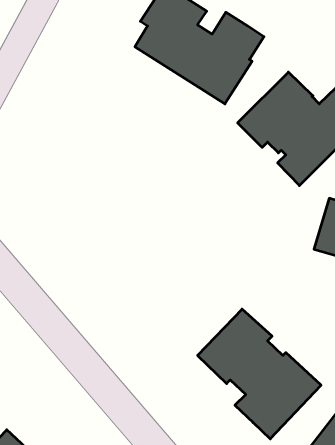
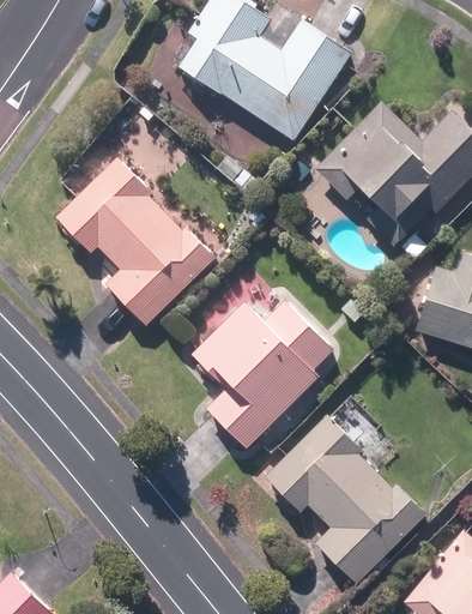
building: none -> [55,158,217,326]
building: none -> [190,300,333,451]

